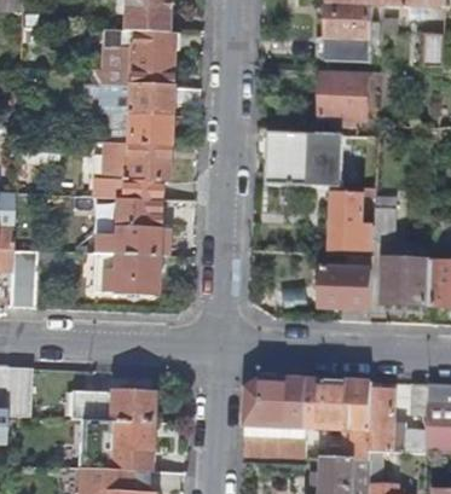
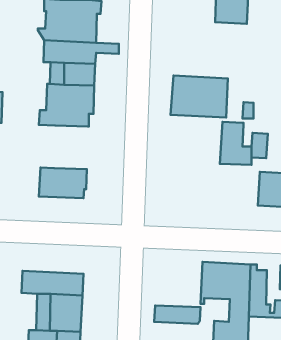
building: [323,71,370,126] -> none
building: [114,196,158,254] -> none
building: [323,265,375,320] -> none
building: [248,376,311,432] -> none

